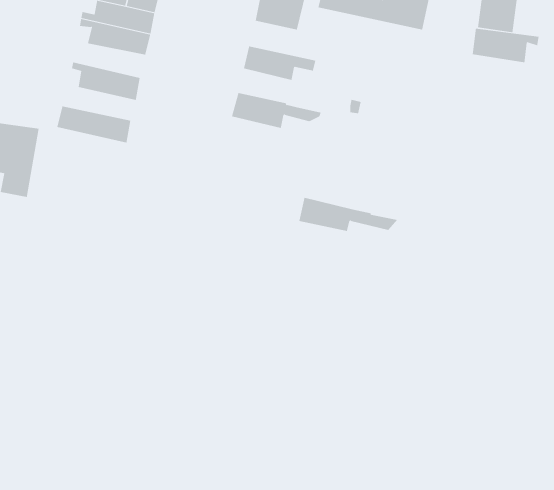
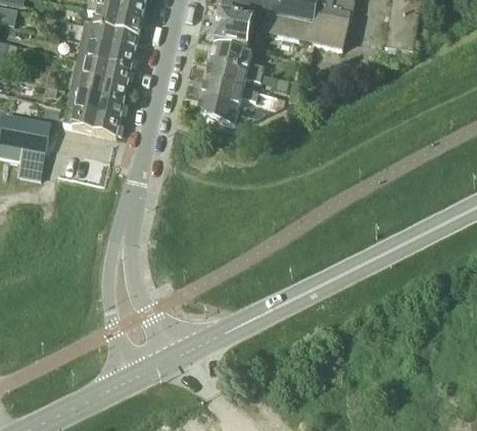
building: none -> [209,42,264,70]
building: [472,28,539,63] -> none
building: none -> [75,57,131,84]
building: none -> [66,91,124,116]
building: [298,197,398,232] -> [201,77,278,103]

